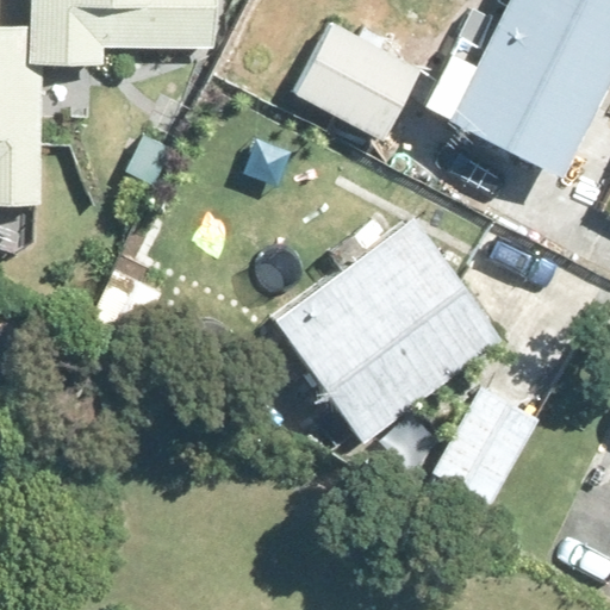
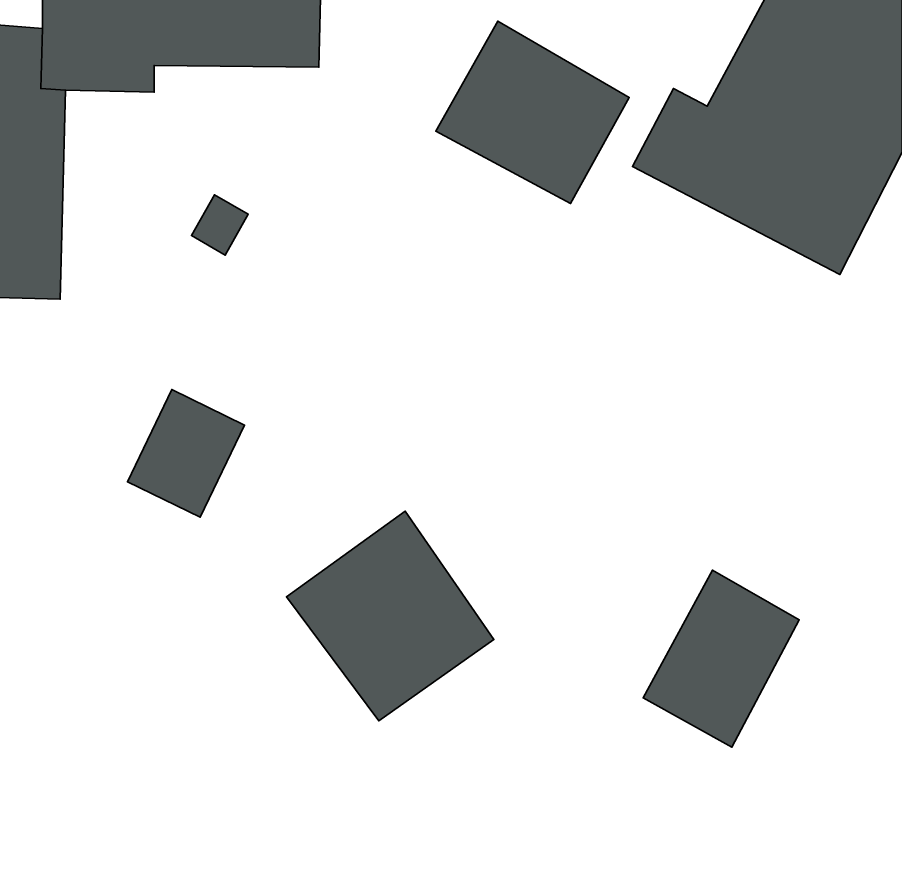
building: [272,220,500,443] -> none
building: none -> [286,511,494,721]

